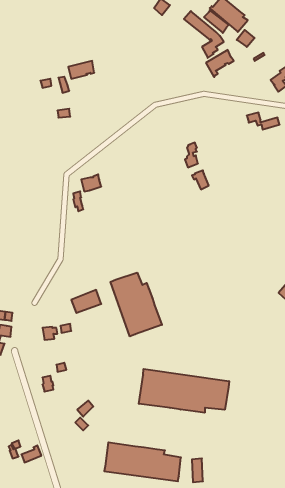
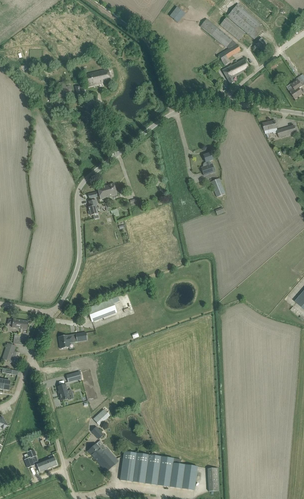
building: [110,273,162,336] -> none
building: [139,369,229,413] -> none
building: none -> [88,443,119,471]

